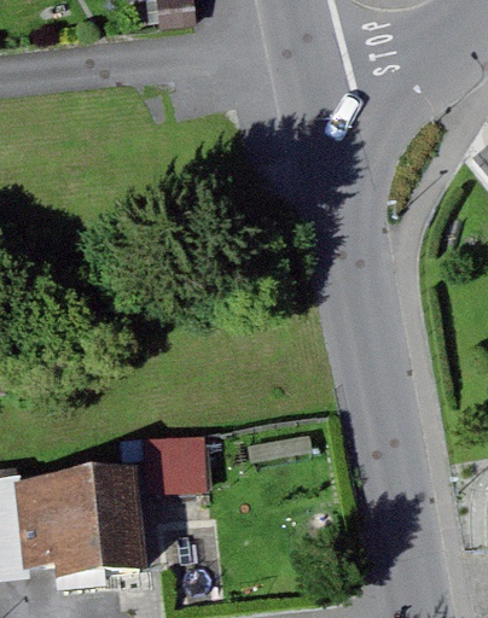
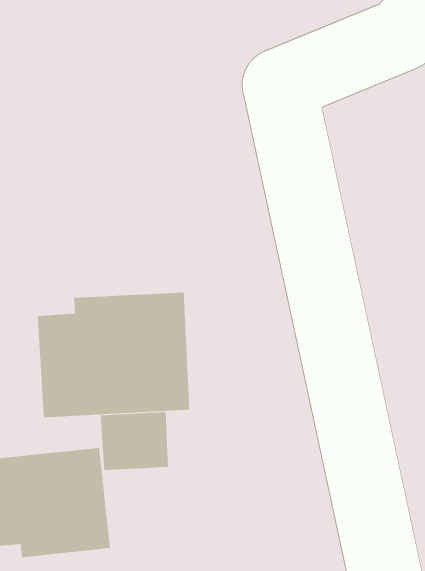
building: none -> [37,292,190,418]

